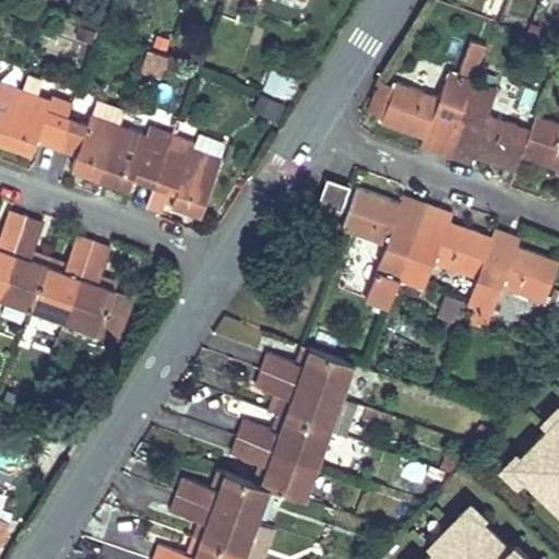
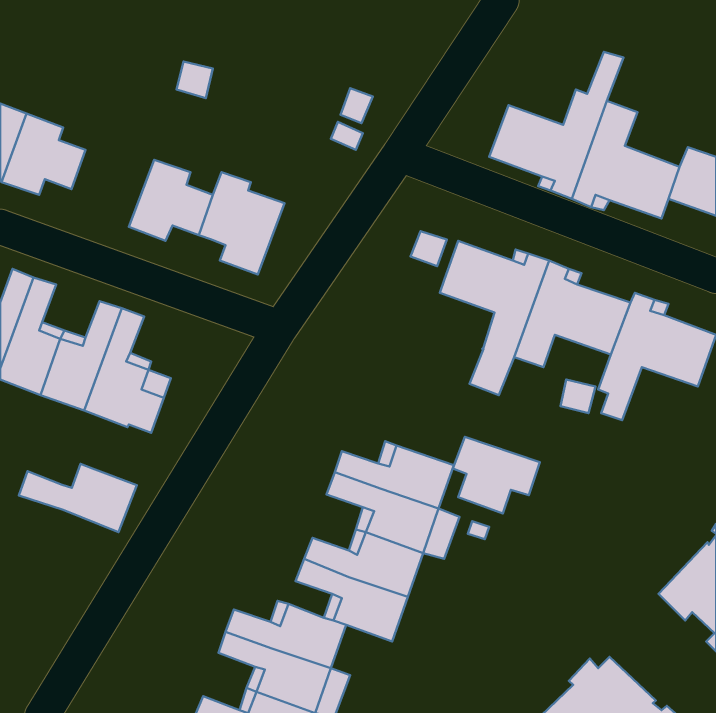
building: [56,100,126,179] -> none
building: none -> [453,437,540,514]
building: none -> [19,464,137,532]

